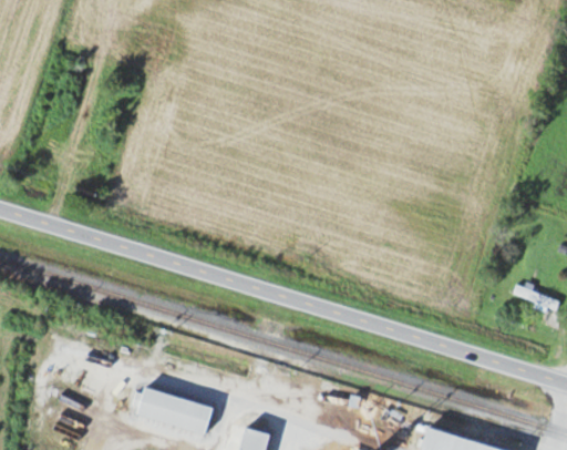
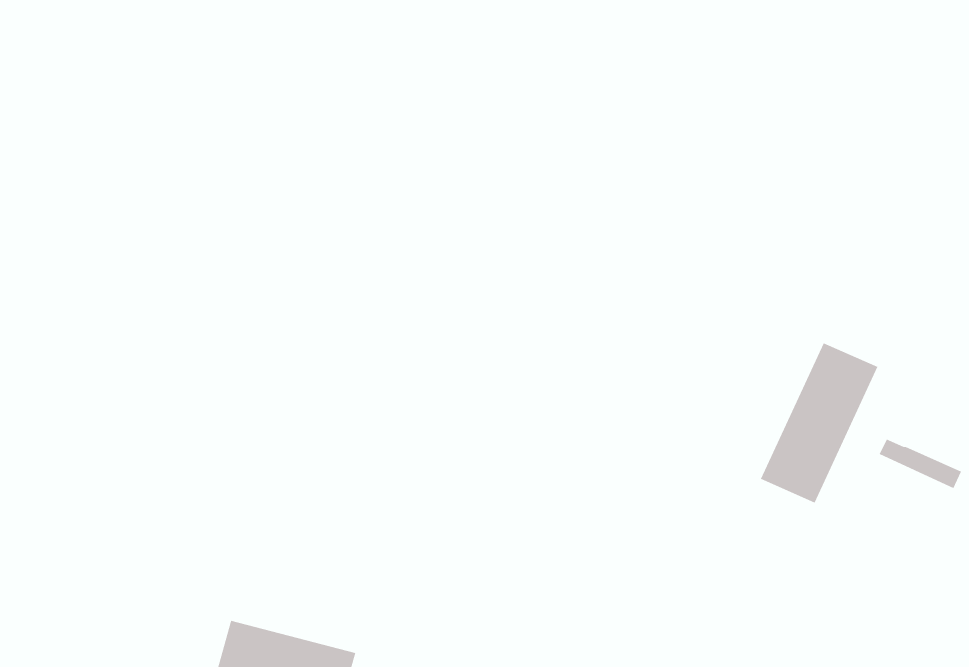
building: none -> [760,342,878,503]

